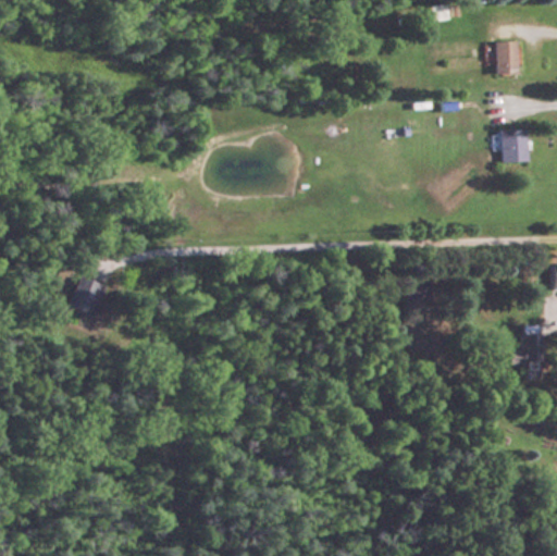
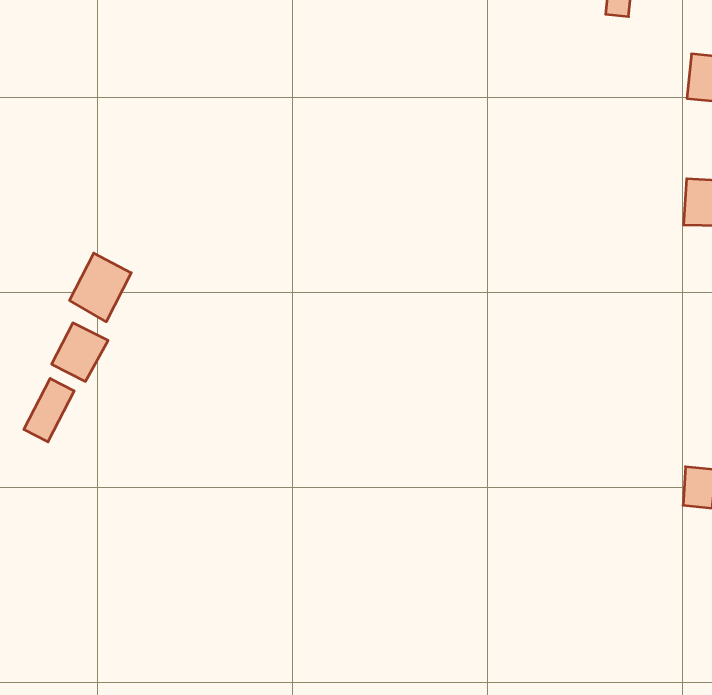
building: none -> [70,253,131,322]
building: none -> [24,378,74,442]

